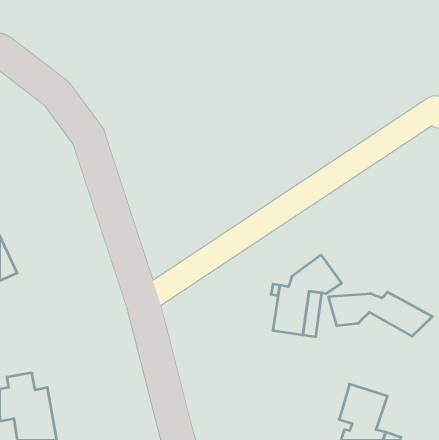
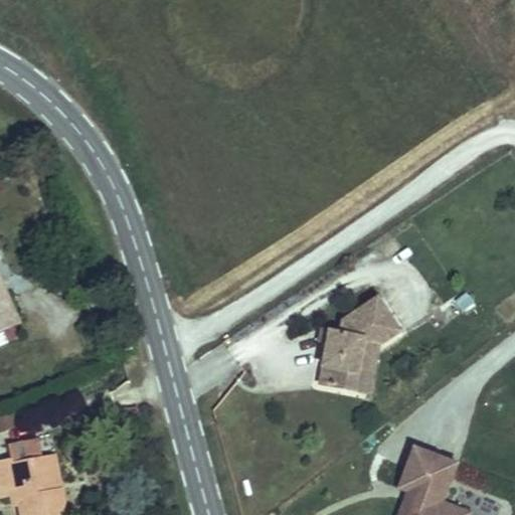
building: [329,292,432,336] -> none

